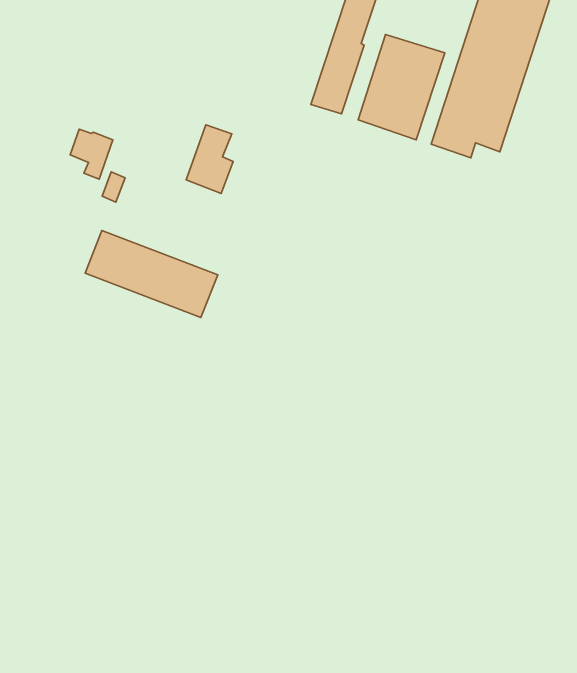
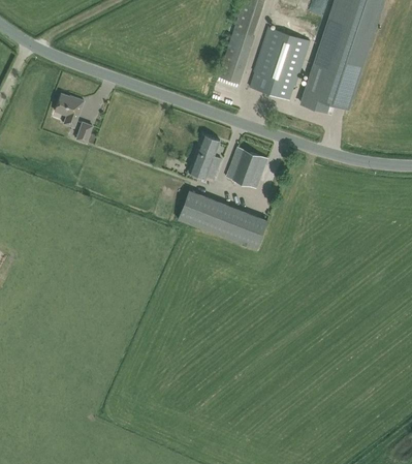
building: [186,125,233,193] -> [189,134,221,181]
building: none -> [226,147,267,188]
building: [85,231,218,317] -> [178,190,267,249]

